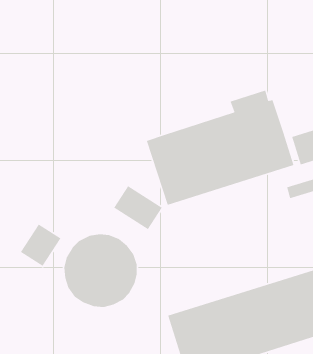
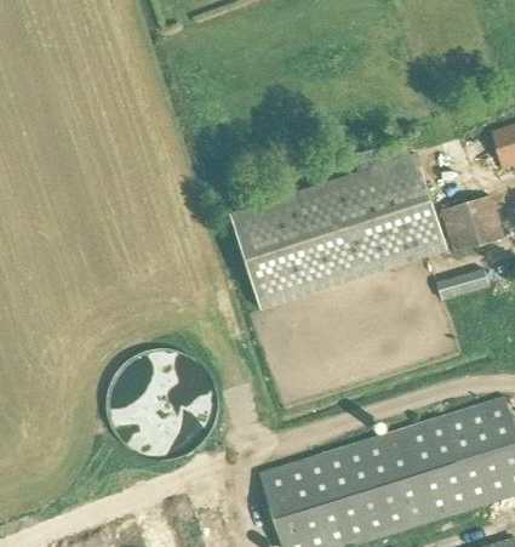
building: [113,185,163,230] -> none
building: [20,224,61,267] -> none

